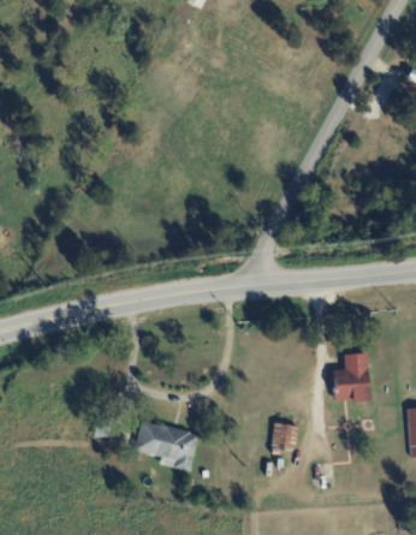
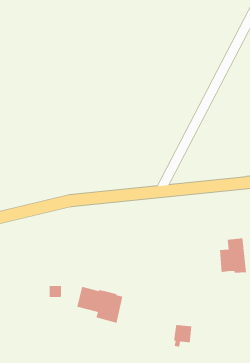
building: [274,423,301,454] -> [173,325,192,347]

